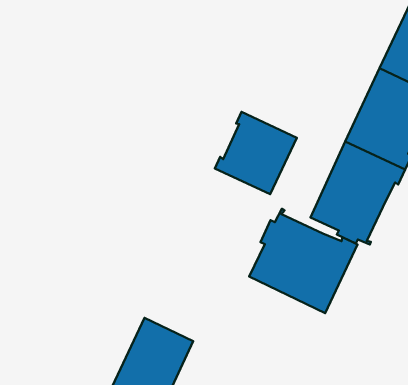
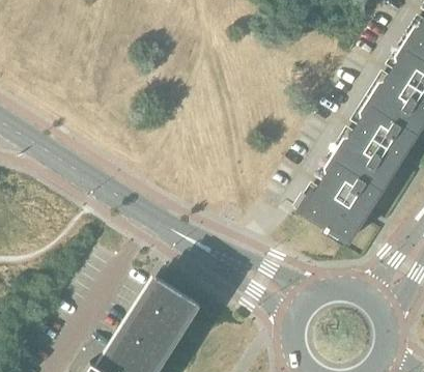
building: [215,112,297,194] -> none
building: [249,209,358,313] -> none

